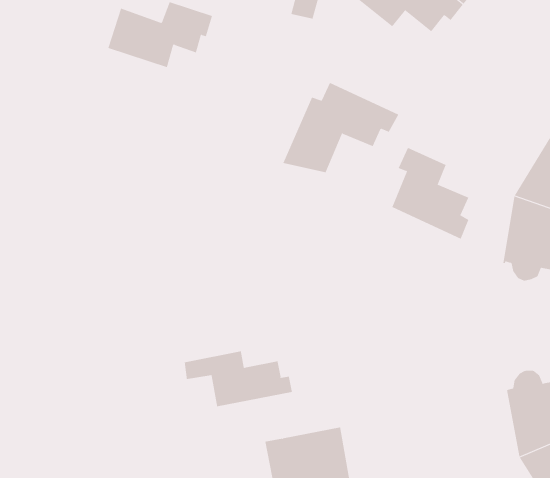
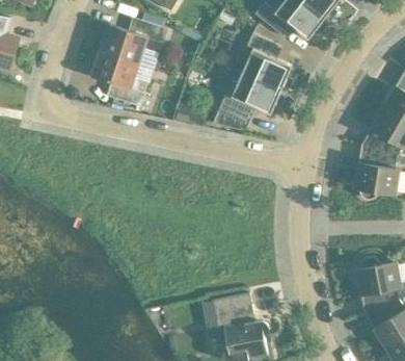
building: none -> [92,50,150,108]
building: [391,147,469,239] -> [243,33,293,93]
building: [184,351,292,407] -> none

